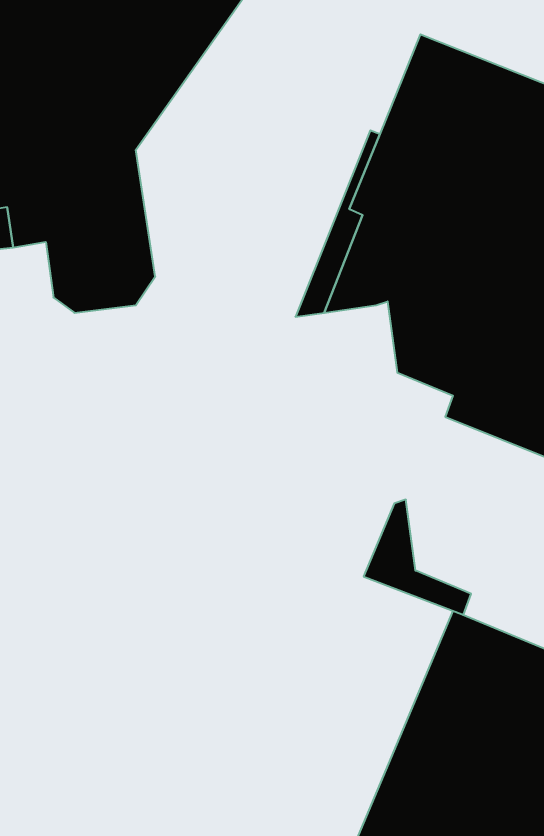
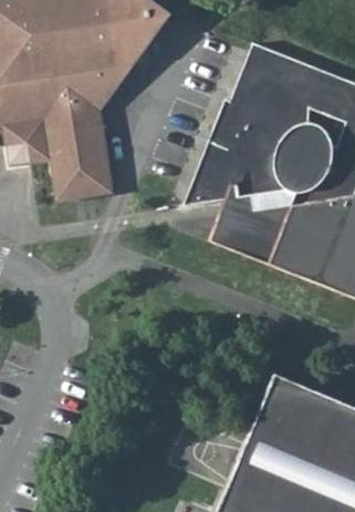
building: [364,500,471,615] -> [213,197,275,264]

